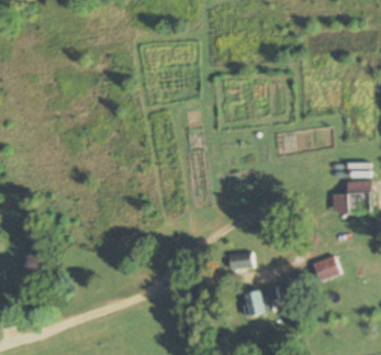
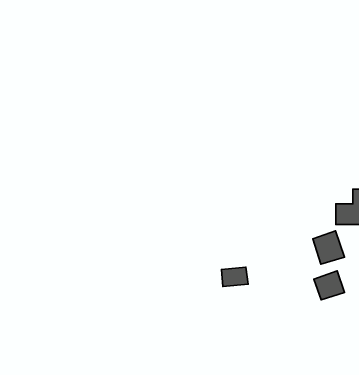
building: none -> [313,231,344,264]
building: [244,288,277,315] -> none

